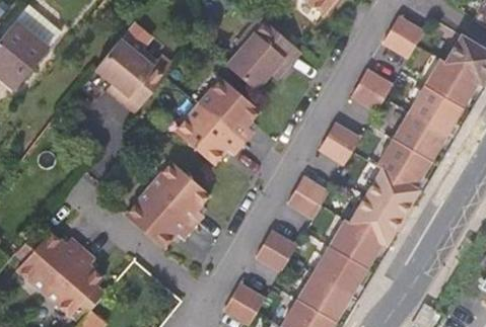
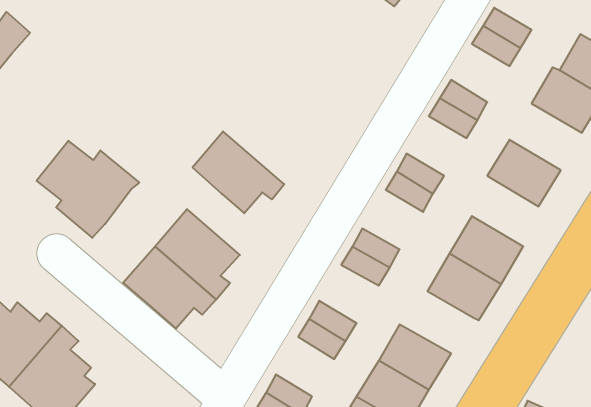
building: [228,16,300,91] -> none
building: [95,39,170,110] -> [37,141,139,238]
building: [200,79,262,145] -> none
building: [409,86,462,135] -> none
building: [377,139,430,187] -> none
building: [329,220,383,268] -> none

